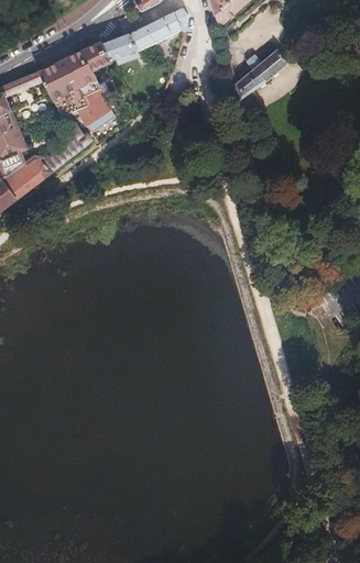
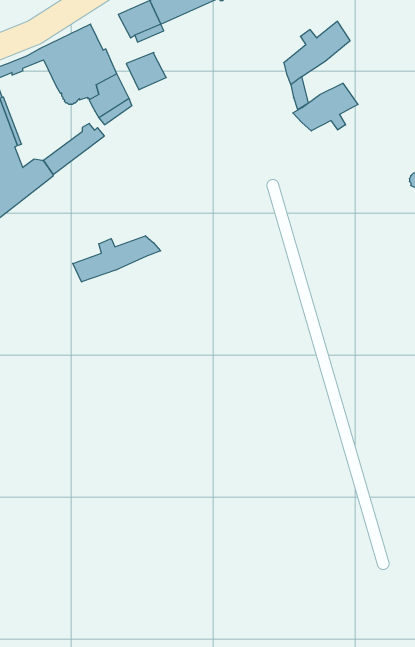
building: [80,41,112,70] -> [126,53,166,90]
building: none -> [293,83,358,131]
building: none -> [73,236,161,282]

